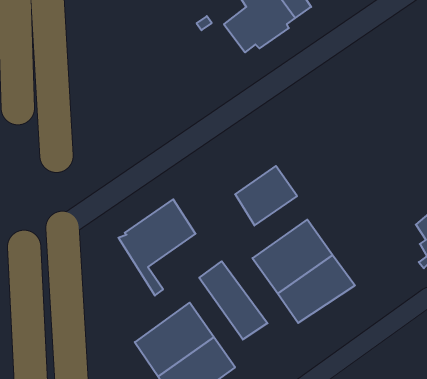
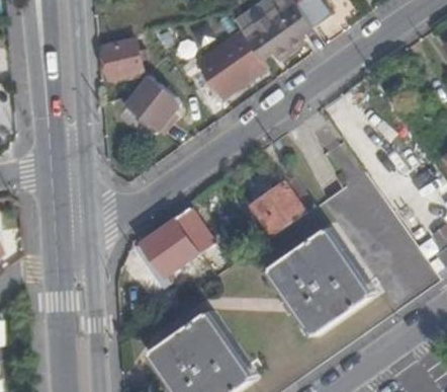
building: none -> [197,35,263,96]
building: none -> [99,42,143,80]
building: none -> [124,75,179,132]
building: [199,261,268,340] -> none

